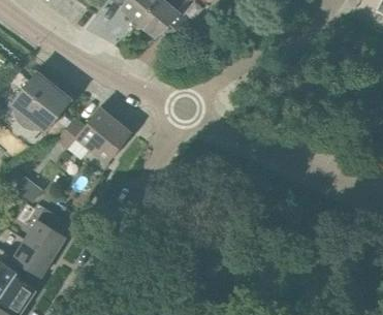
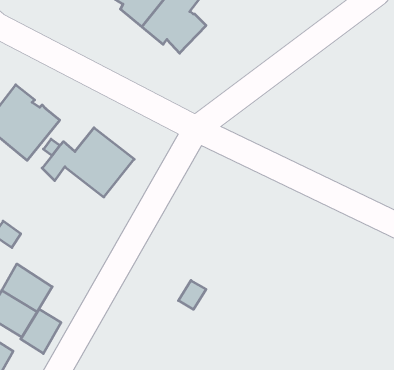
building: none -> [21,309,61,354]

